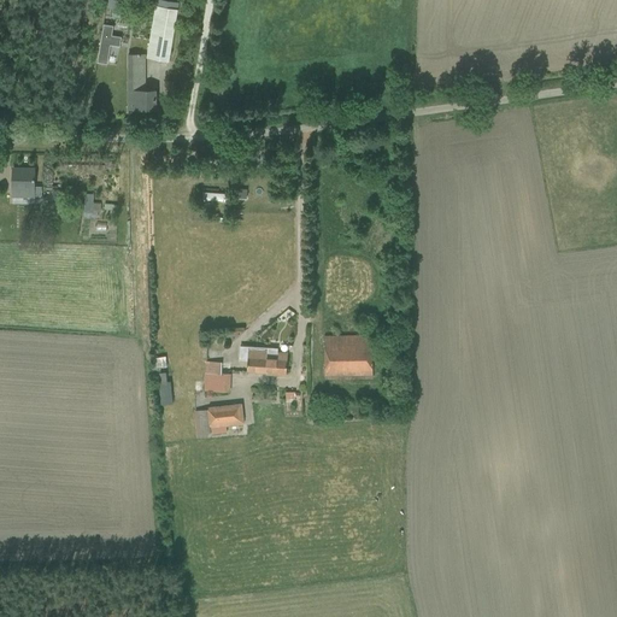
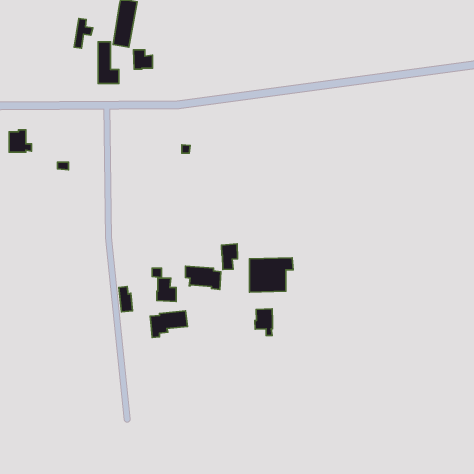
building: none -> [133,50,152,69]
building: none -> [222,244,237,269]
building: none -> [255,309,273,336]

